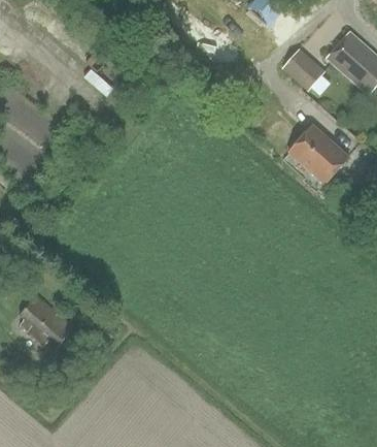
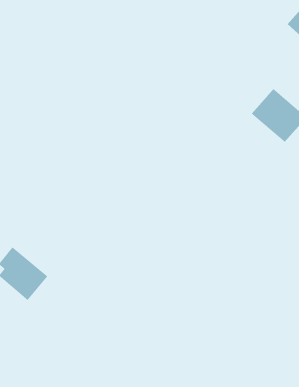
building: [282,49,323,89] -> none

